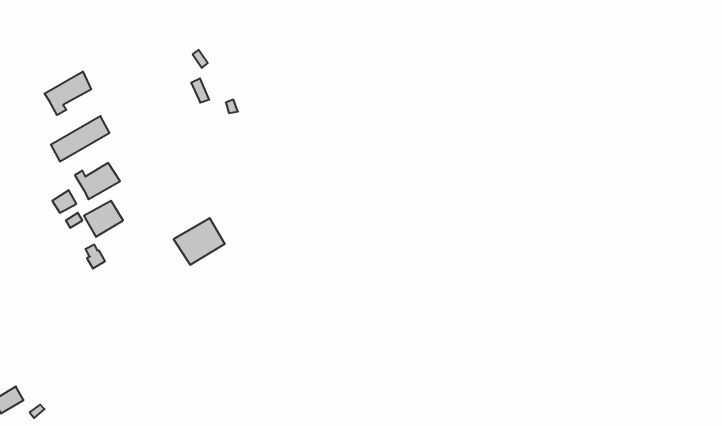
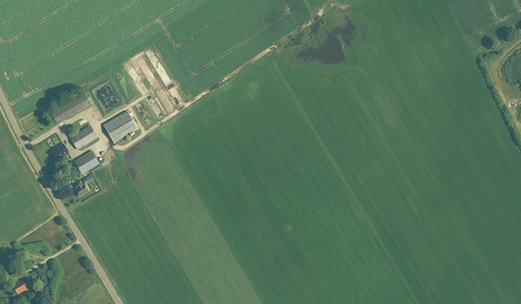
building: [44,71,91,115] -> none
building: [174,218,225,265] -> [102,111,136,142]

